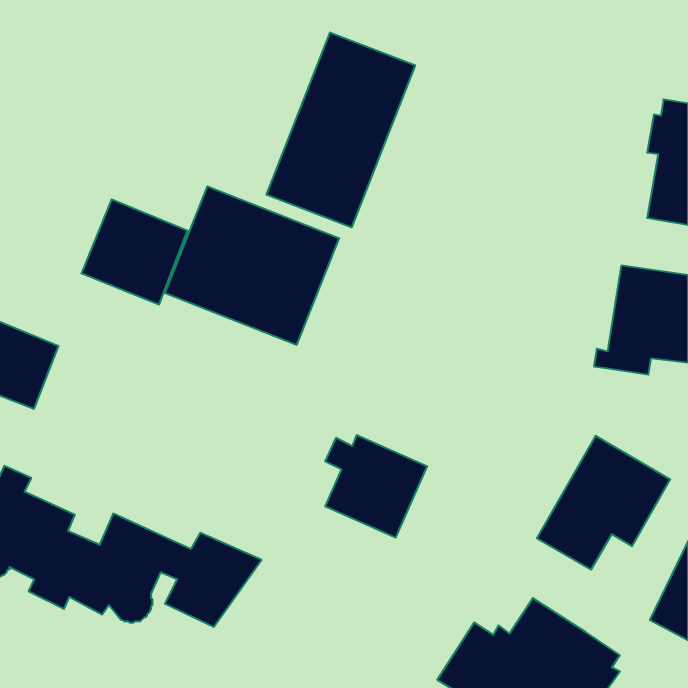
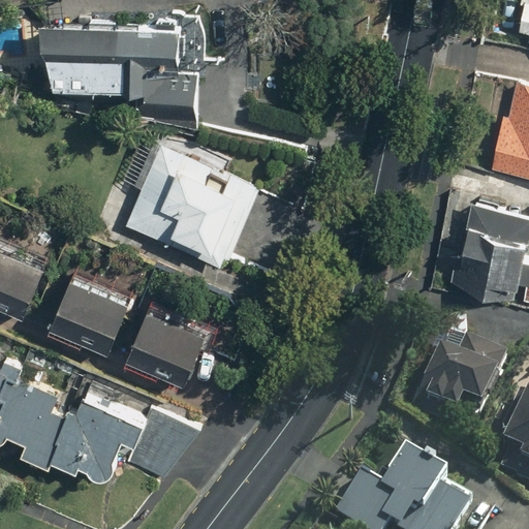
building: none -> [50,26,196,131]
building: [267,32,415,227] -> none
building: [81,200,188,305] -> [52,273,132,352]
building: [325,435,427,537] -> [129,306,207,383]

